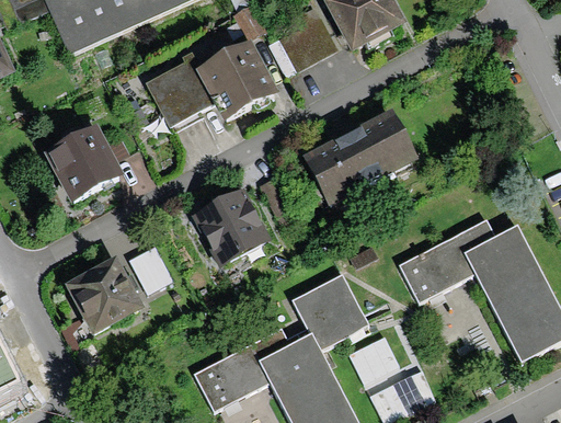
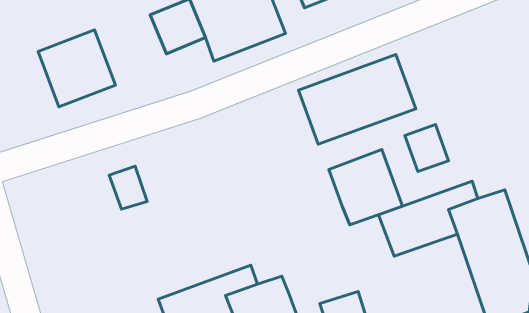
building: none -> [405,125,448,172]
building: [191,183,272,264] -> none
building: [65,254,145,333] -> none
building: [294,276,370,354] -> [329,150,403,225]

